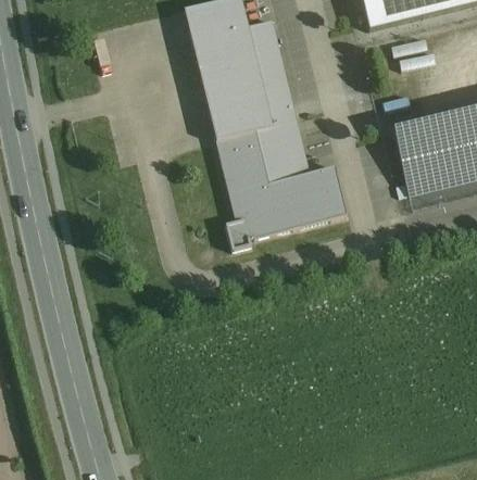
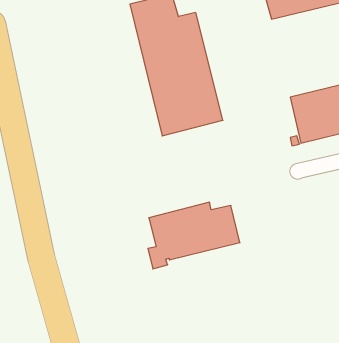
building: [225,161,347,249] -> [148,202,240,269]

